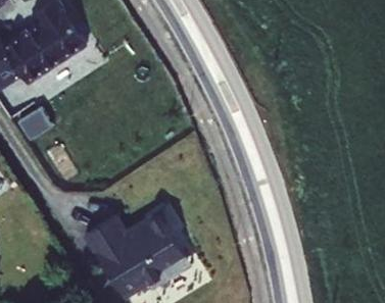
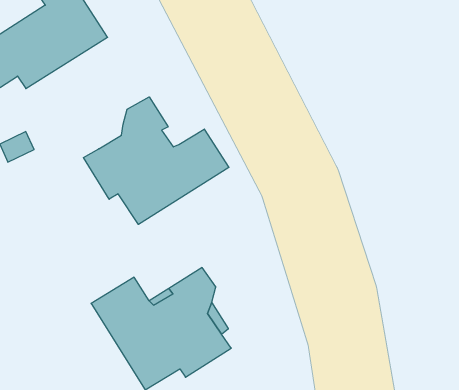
building: none -> [83,97,229,224]

